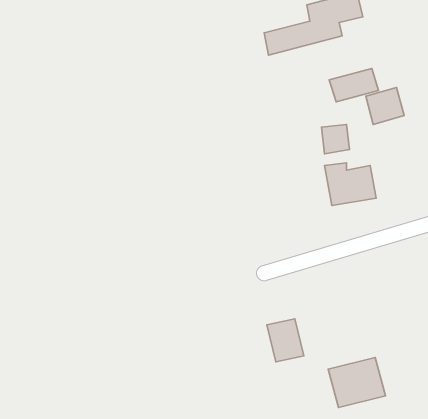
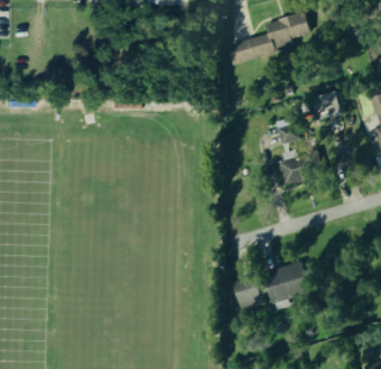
building: [329,68,379,102] -> none
building: [328,357,386,408] -> [264,261,311,301]

